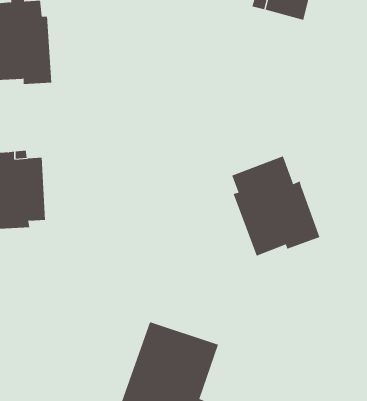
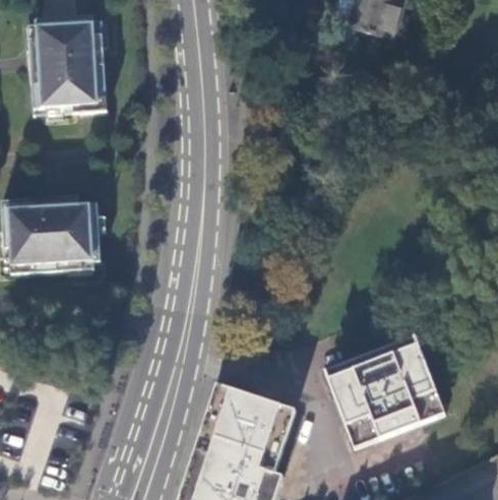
building: [231,155,320,256] -> none
building: none -> [325,336,447,450]

